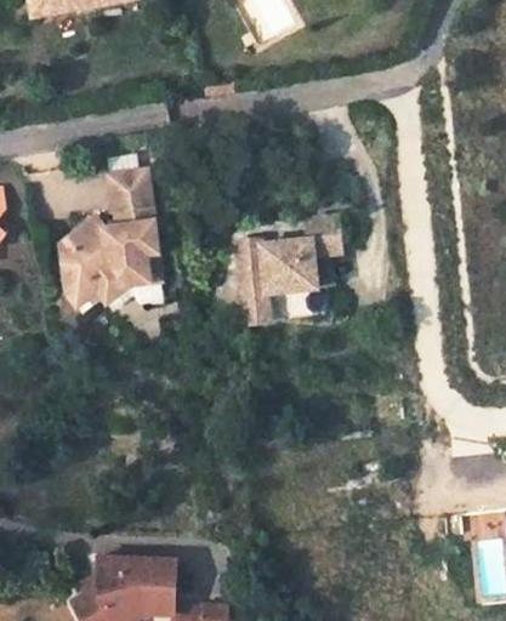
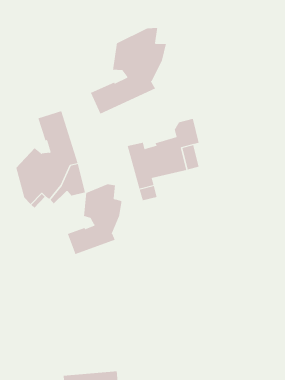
building: none -> [90,27,166,115]
building: none -> [67,183,122,255]

